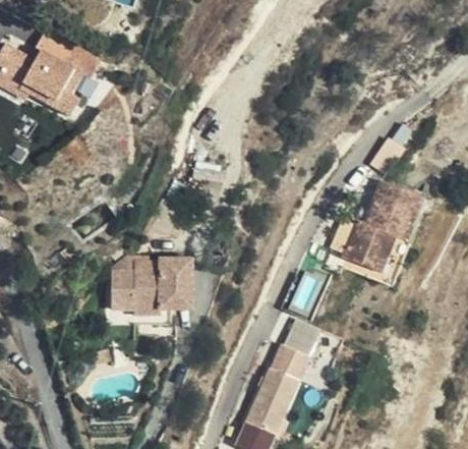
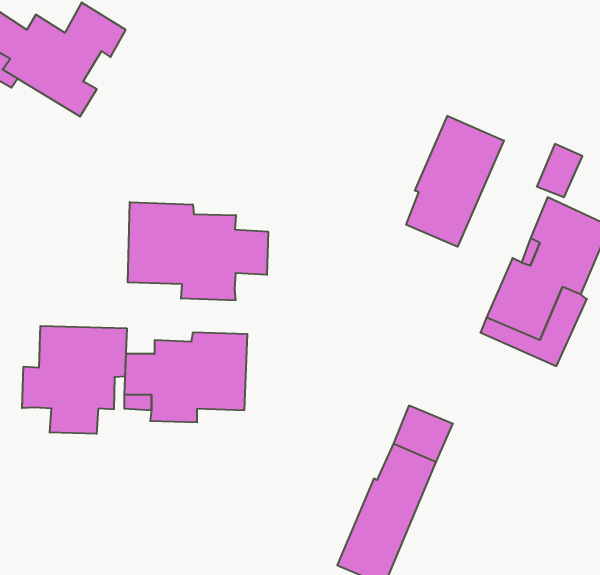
building: none -> [406,116,504,247]
building: none -> [128,202,268,300]
building: none -> [22,326,127,434]

